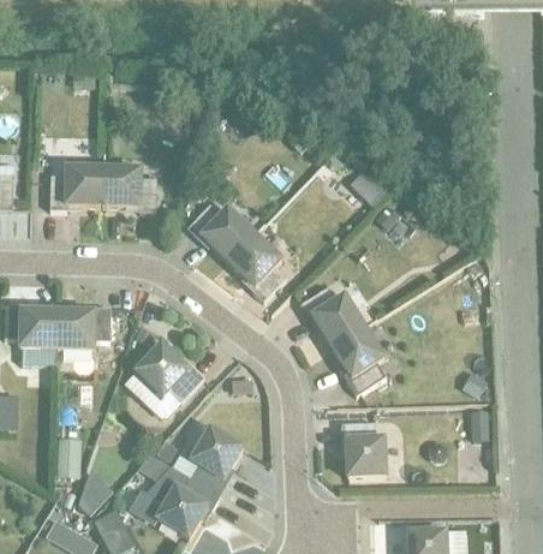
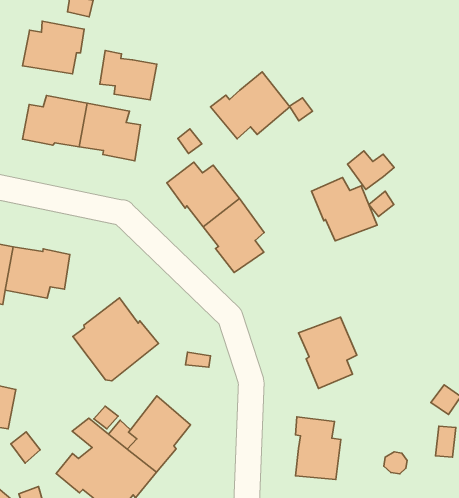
building: none -> [22,21,84,74]
building: none -> [211,72,290,139]
building: none -> [100,51,157,100]
building: [300,286,365,345] -> [312,178,377,241]

